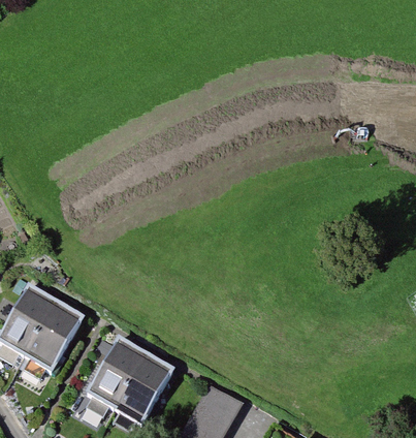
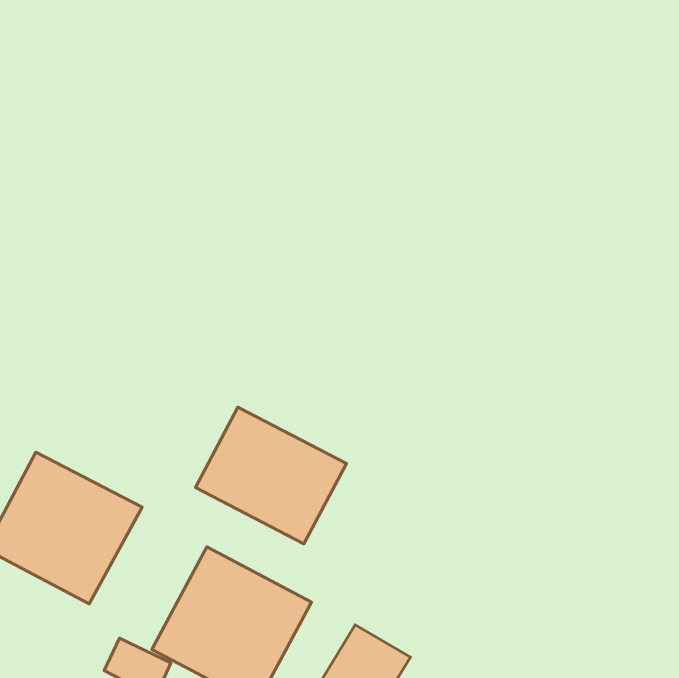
building: none -> [195,407,346,544]

